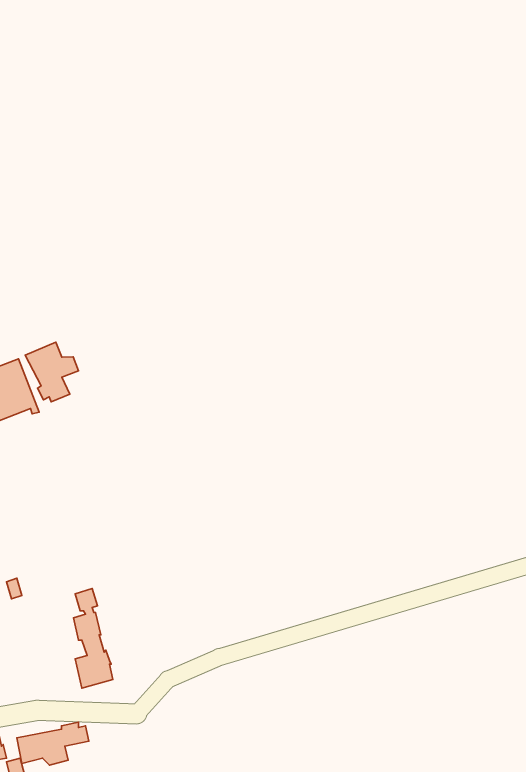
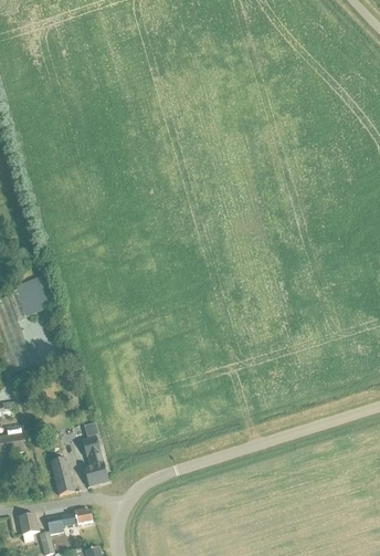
building: [25,342,78,402] -> none
building: none -> [49,458,73,495]

